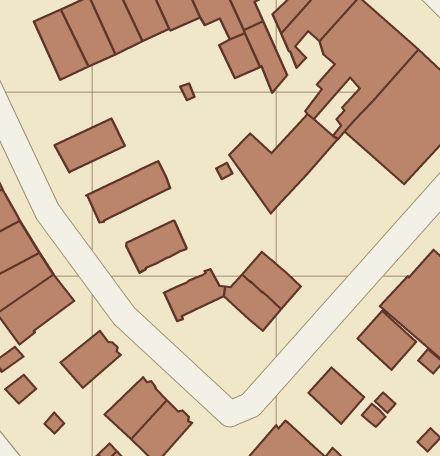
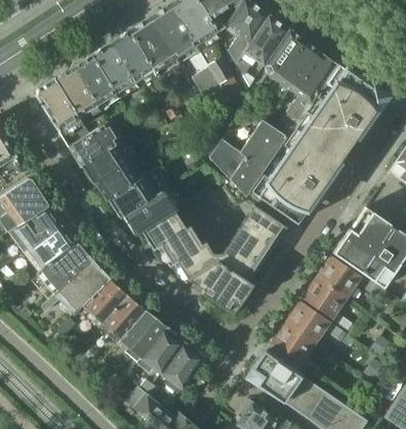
building: none -> [37,78,79,131]
building: none -> [69,122,120,166]
building: none -> [249,129,339,224]
building: none -> [95,160,144,202]
building: none -> [124,189,174,235]
building: none -> [242,205,287,246]
building: none -> [159,226,203,267]
building: none -> [190,261,254,311]
building: none -> [85,280,131,324]
building: none -> [306,279,348,319]
building: none -> [121,313,167,358]
building: none -> [274,323,316,364]

